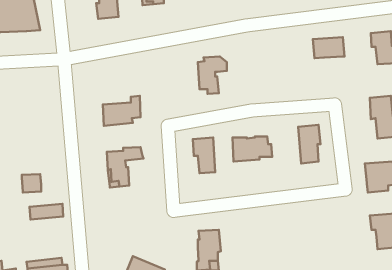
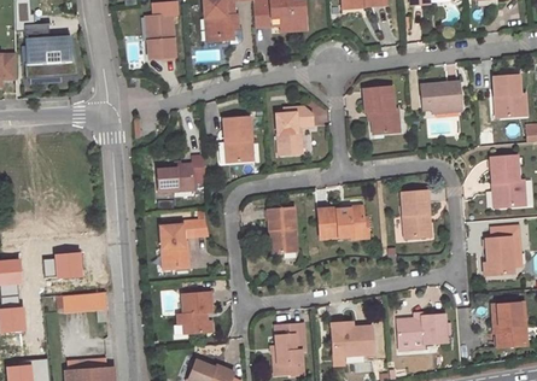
building: none -> [362,86,398,133]
building: none -> [223,117,253,163]
building: none -> [179,291,212,334]
building: none -> [396,315,446,344]
building: none -> [329,321,373,356]

